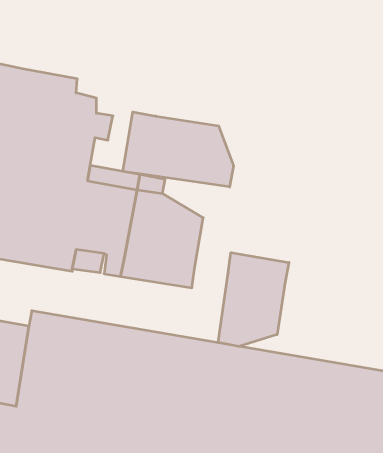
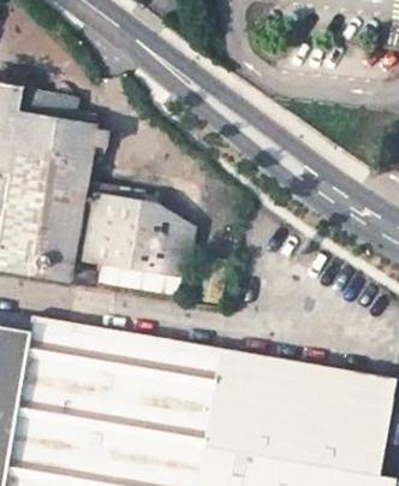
building: [123,112,233,187] -> none
building: [218,253,289,346] -> none

